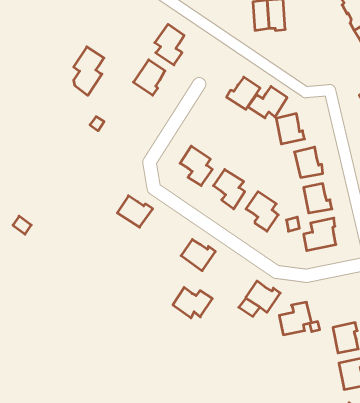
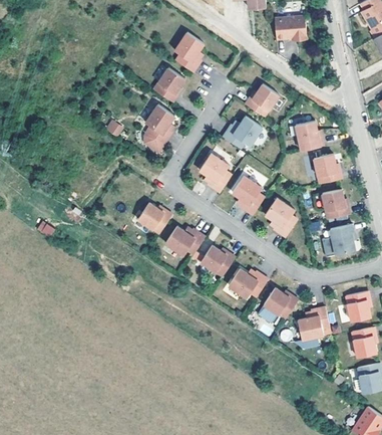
building: [74,47,104,95] -> [145,104,175,153]
building: [248,86,287,118] -> [224,117,263,148]
building: none -> [166,226,207,255]
building: none -> [346,291,372,322]
building: [173,287,212,318] -> [230,268,269,298]

